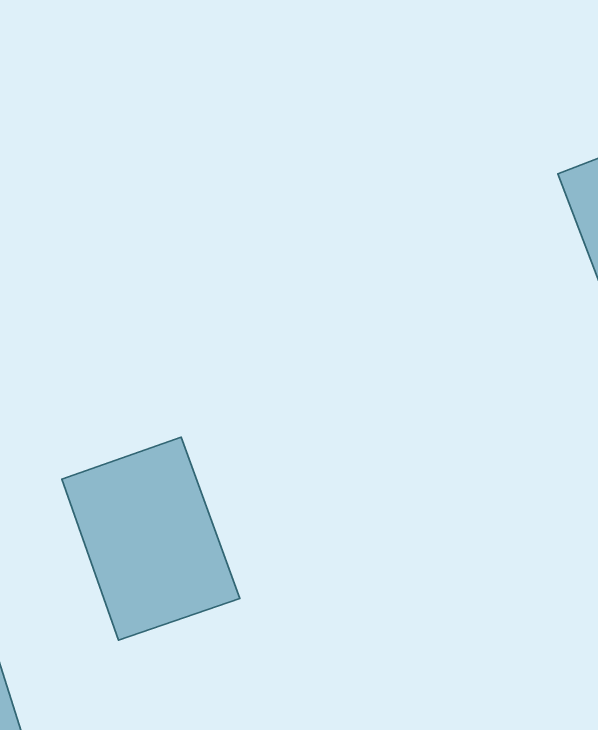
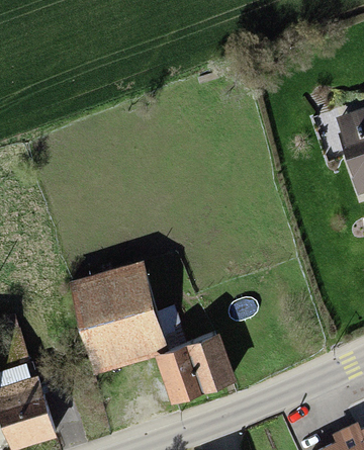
building: none -> [155,336,231,399]

